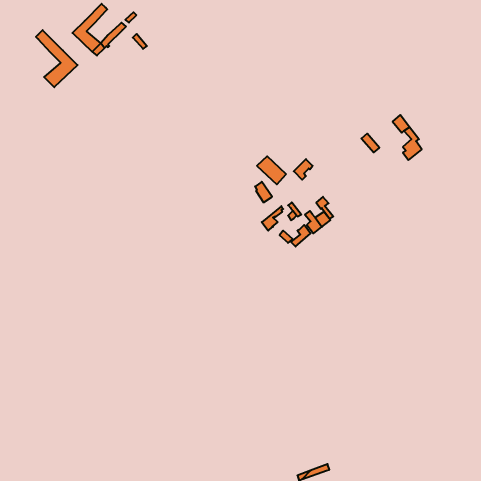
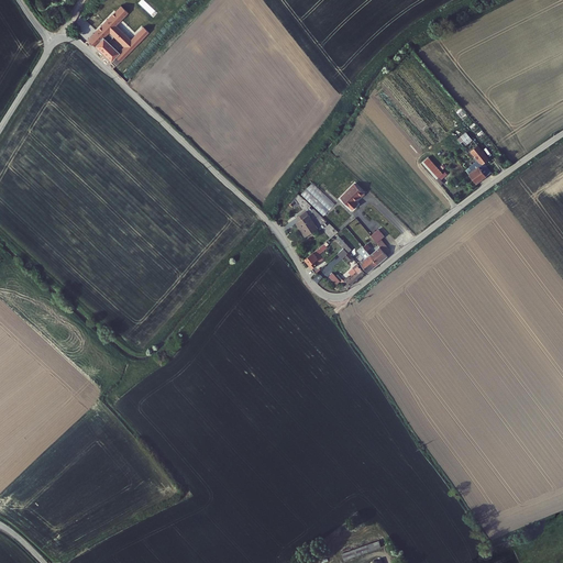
building: [36,30,78,87] -> none

